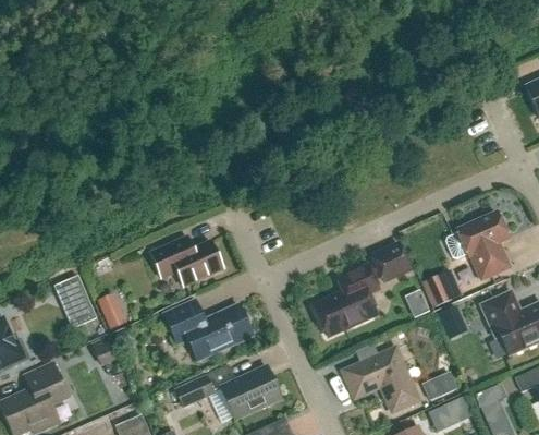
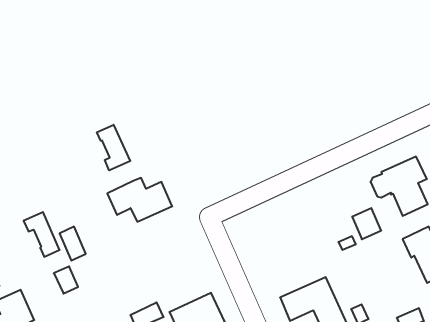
building: none -> [97,125,130,170]
building: [314,243,411,336] -> none
building: [163,300,254,361] -> none

